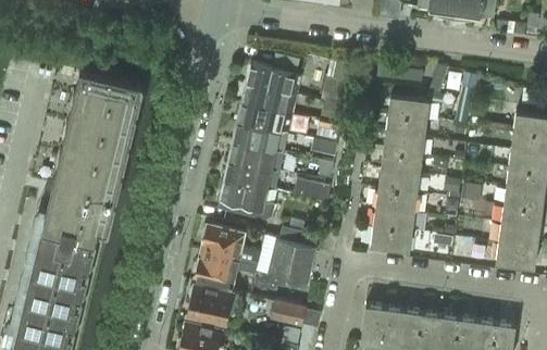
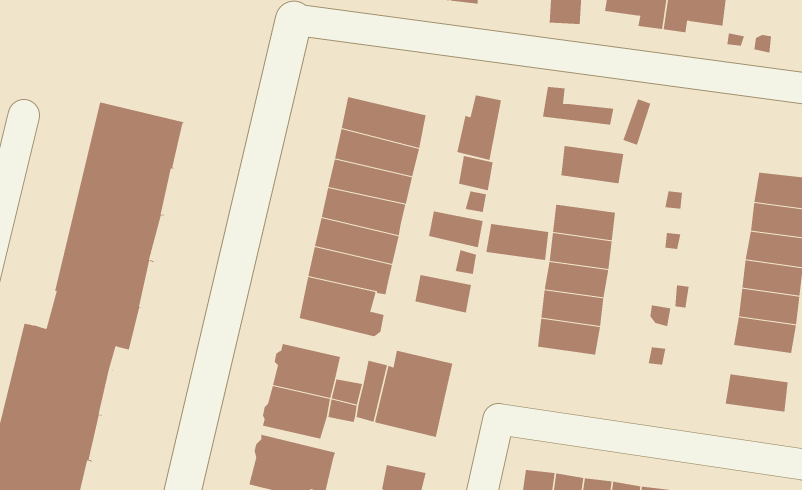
building: [385,115,426,139] -> [485,223,549,260]
building: [498,225,538,249] -> none
building: [370,226,411,252] -> none

